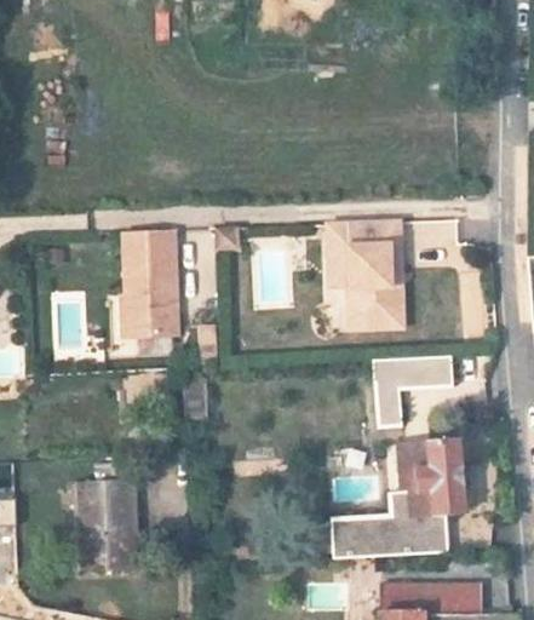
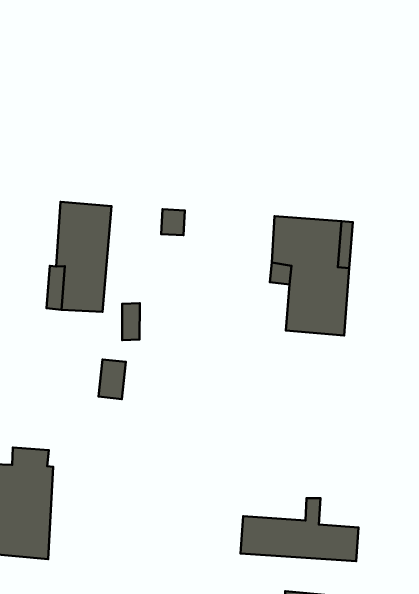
building: [369,358,448,431] -> none
building: [402,447,460,517] -> none

